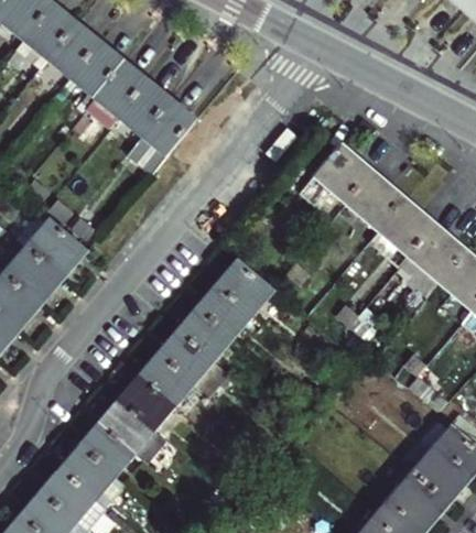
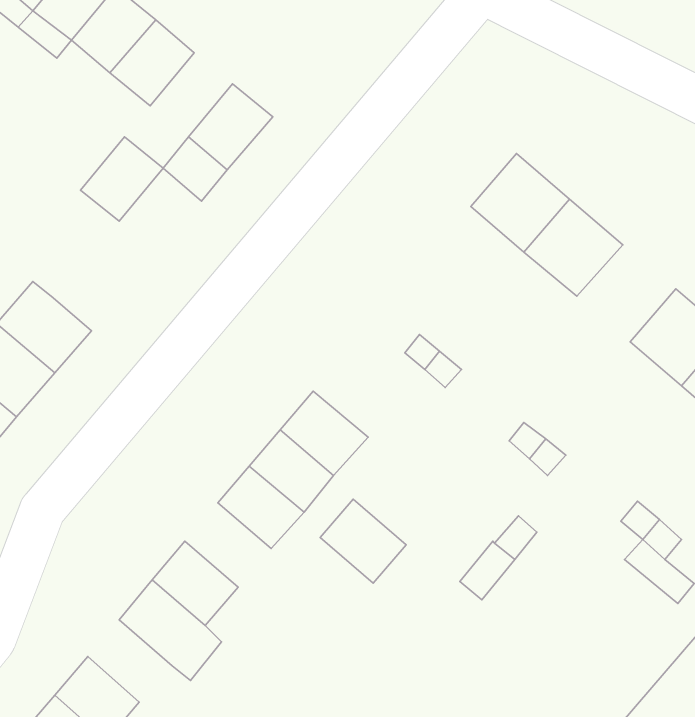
building: [120,81,170,132] -> [81,137,163,221]
building: [377,197,436,255] -> none
building: [218,261,272,313] -> none
building: [141,352,193,403] -> [320,499,406,583]
building: [83,423,133,472] -> none

